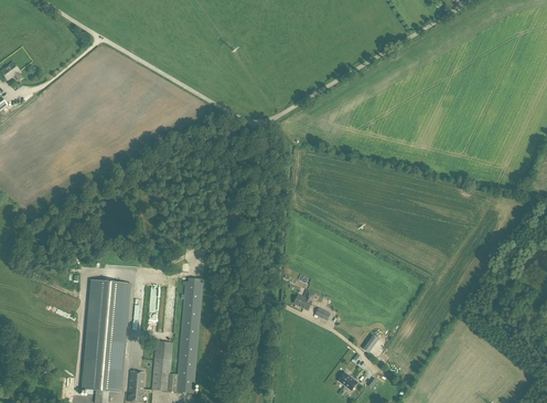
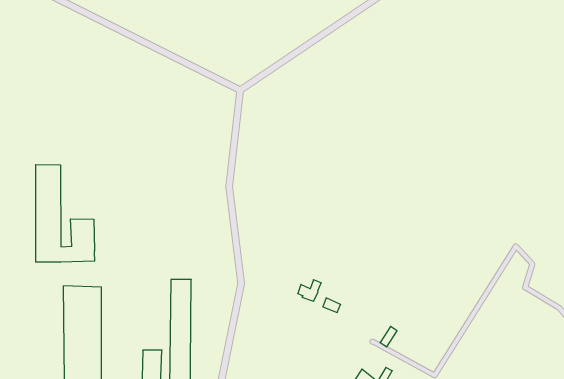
building: none -> [36,165,95,262]

